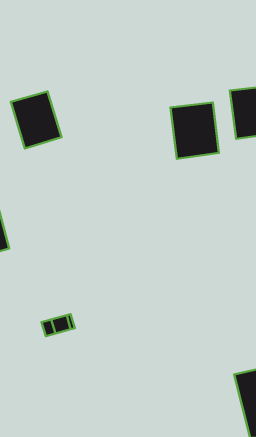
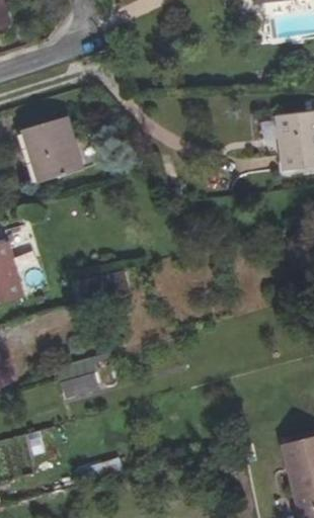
building: [170,102,219,159] -> none

